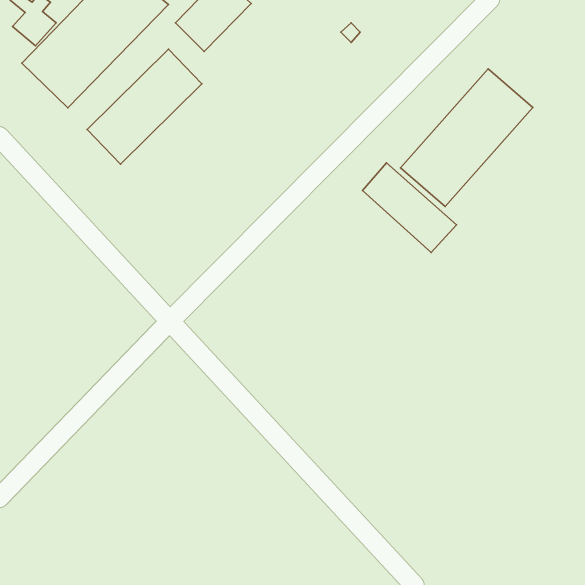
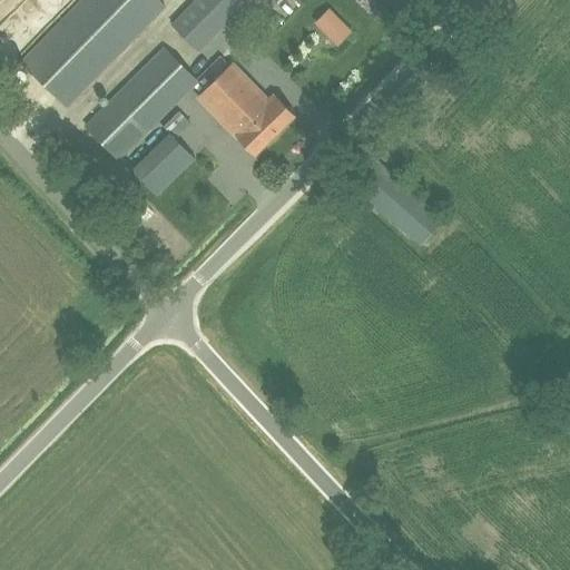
building: none -> [198,63,293,154]
building: [401,69,533,207] -> none
building: none -> [131,132,195,195]

